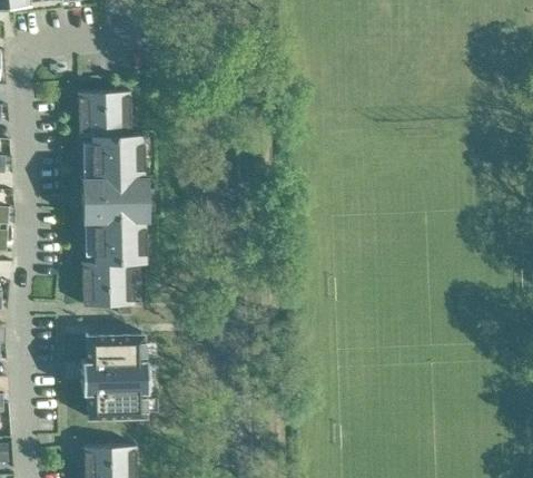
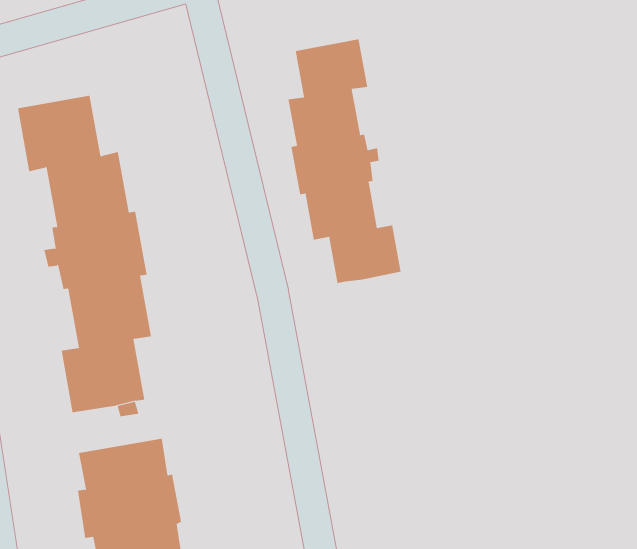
building: none -> [288,39,401,284]

